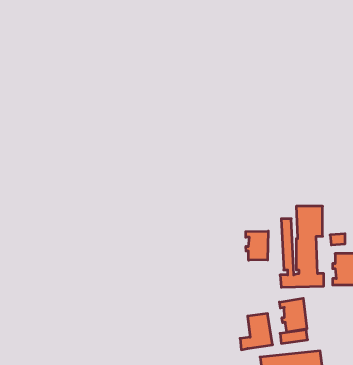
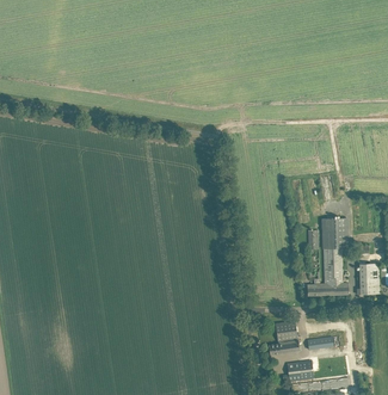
building: [246,231,268,260] -> none
building: [279,298,307,332] -> none

